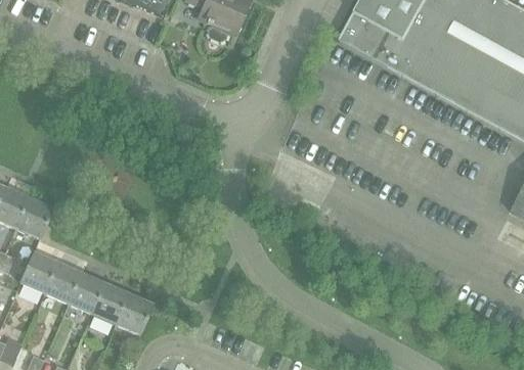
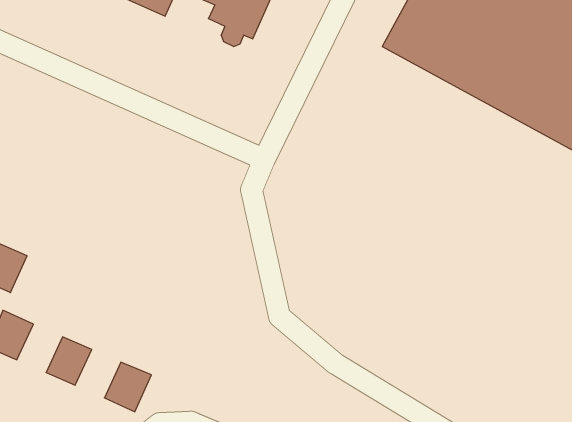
building: [44,263,81,302] -> none
building: [91,283,128,322] -> none

